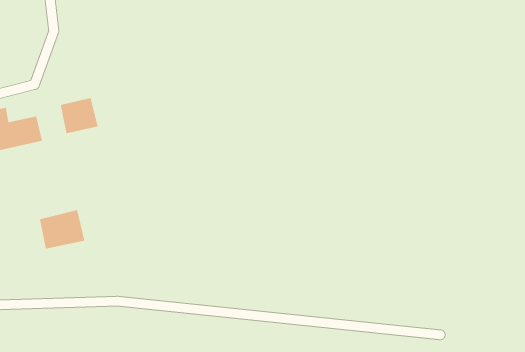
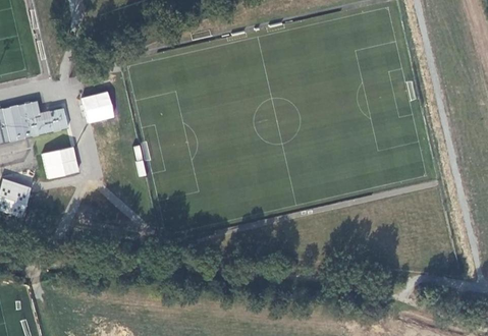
building: [39,209,85,249] -> [41,146,79,179]

